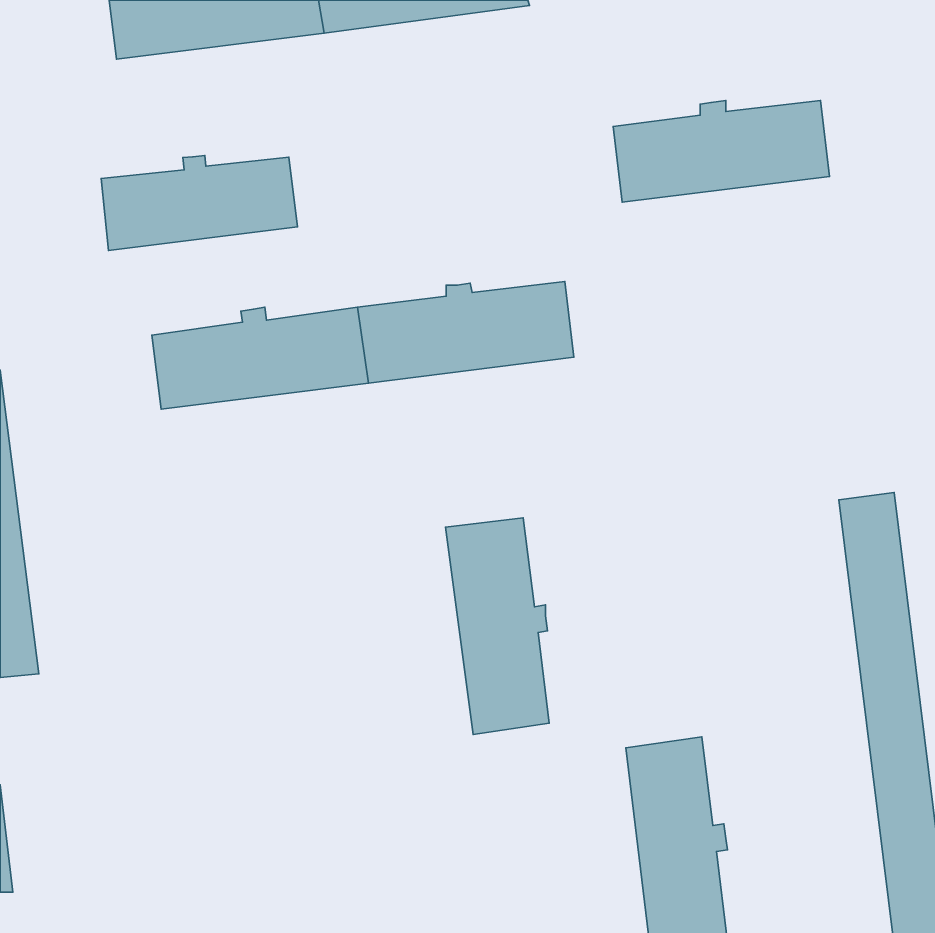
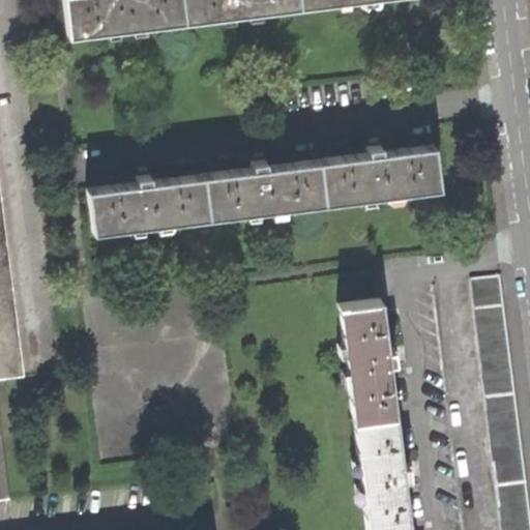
building: [613,100,830,202] -> [322,150,443,207]
building: [101,155,297,251] -> none
building: [446,518,549,734] -> [341,304,399,425]

